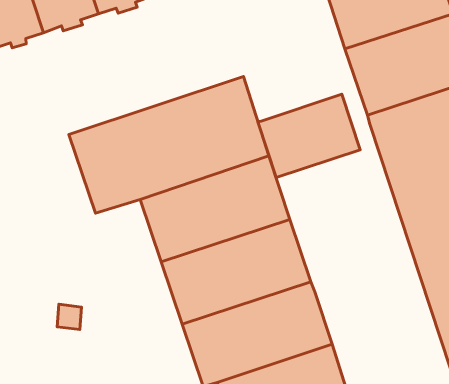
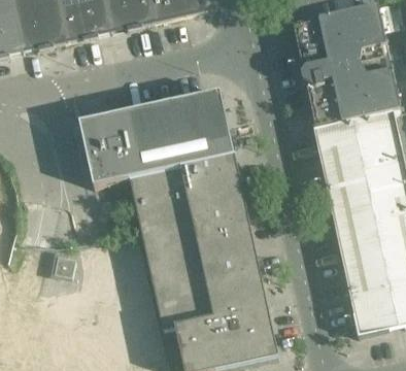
building: [258,94,360,177] -> none

